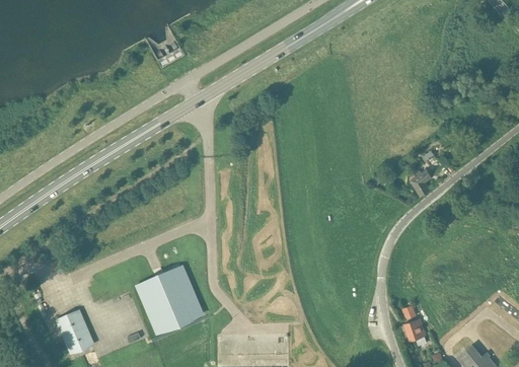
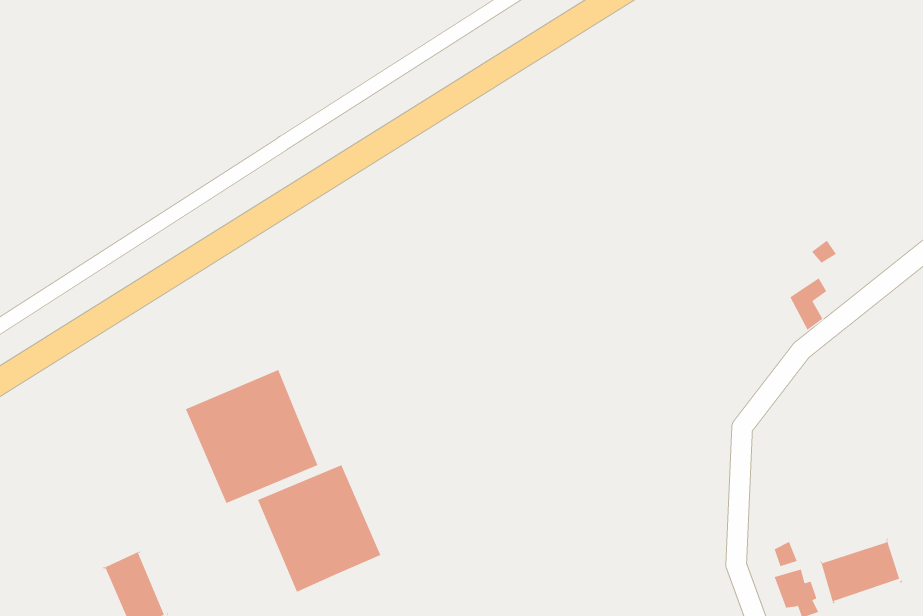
building: none -> [185,369,318,504]
building: none -> [818,538,903,604]

